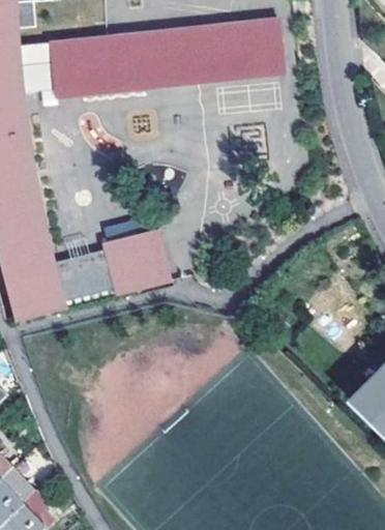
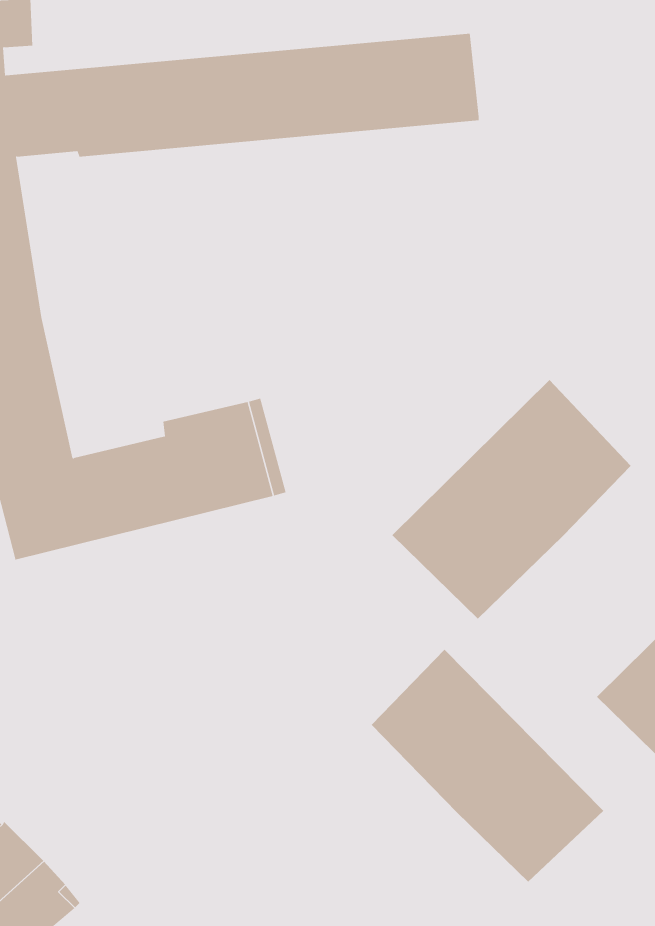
building: none -> [391,379,631,620]
building: none -> [371,649,604,883]

